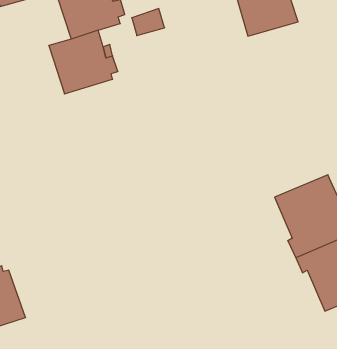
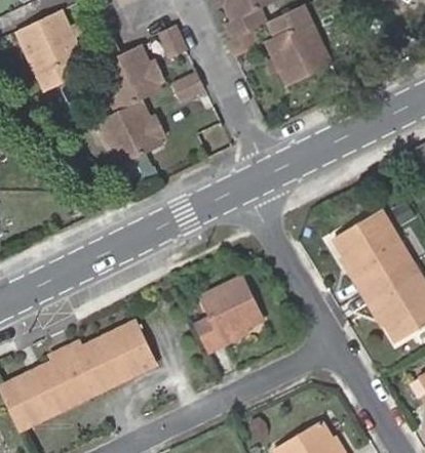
building: none -> [195,278,263,353]
building: none -> [87,319,157,385]

